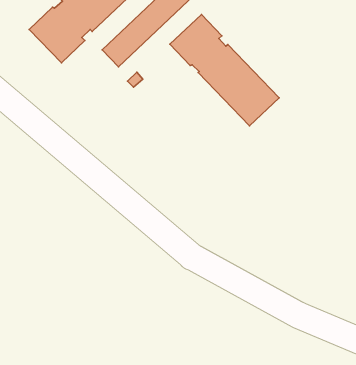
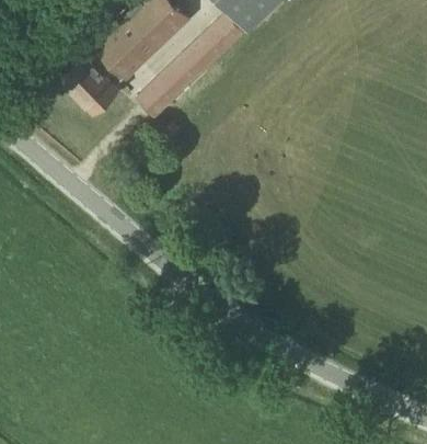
building: [170,14,279,126] -> none

